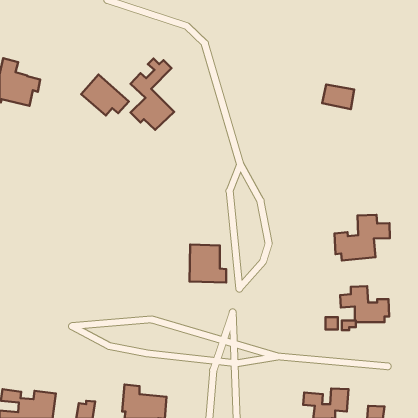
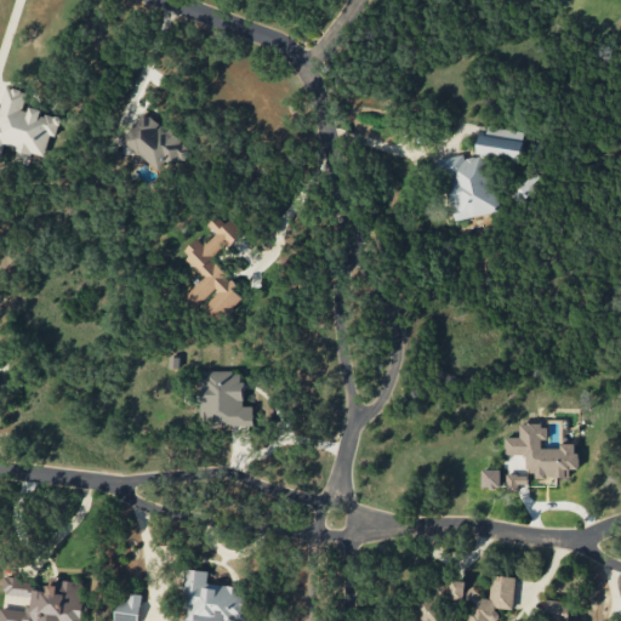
building: [131,58,174,130] -> [181,217,245,323]
building: none -> [437,154,498,222]
building: [334,215,390,260] -> none
building: [189,245,226,282] -> [198,371,252,427]

